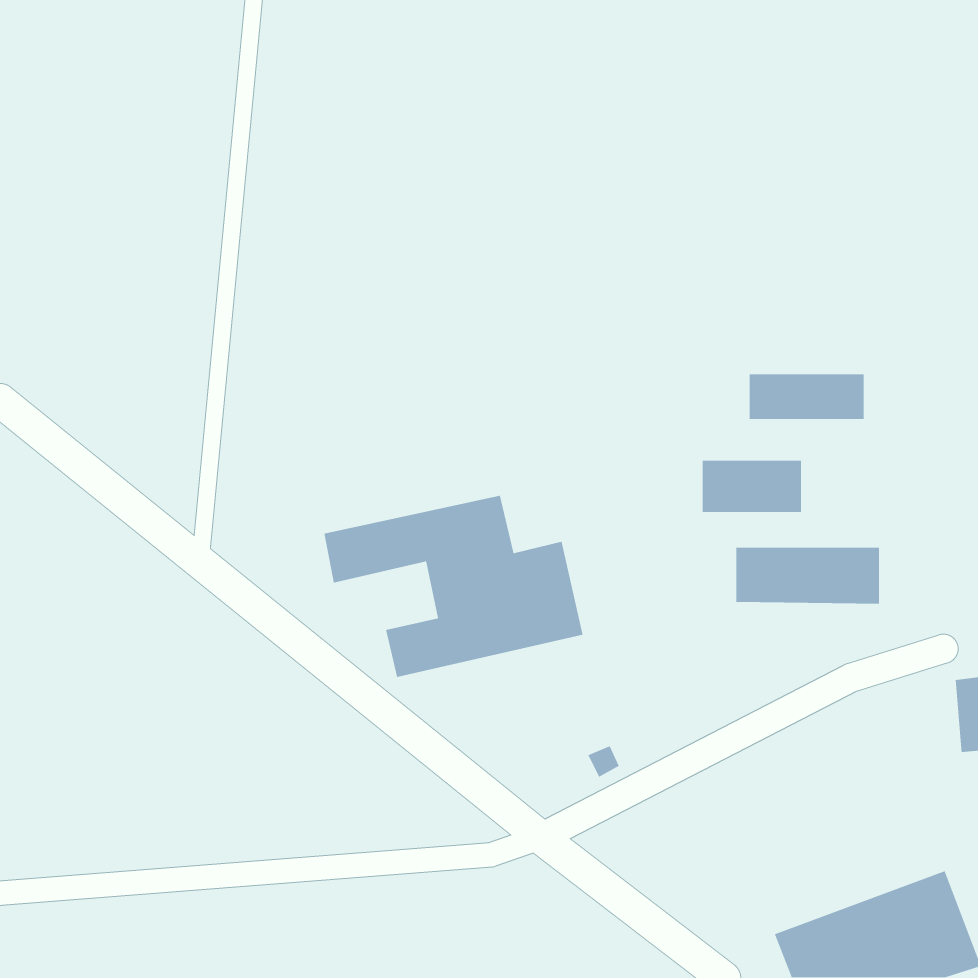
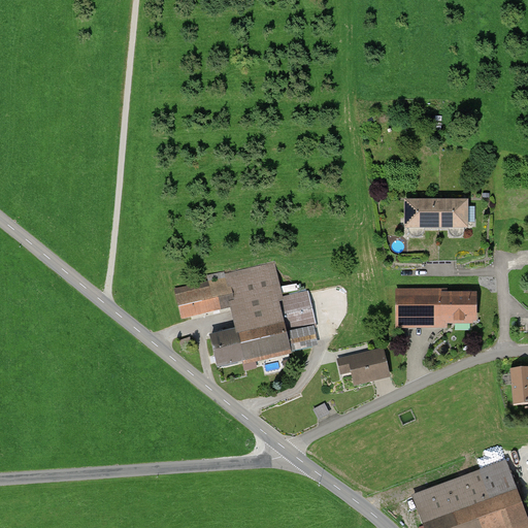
building: [702,460,802,513] -> none
building: none -> [340,350,390,385]

